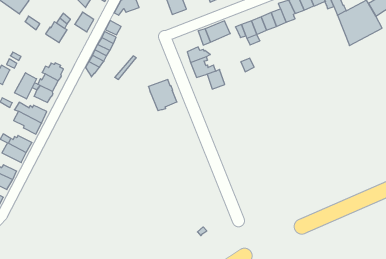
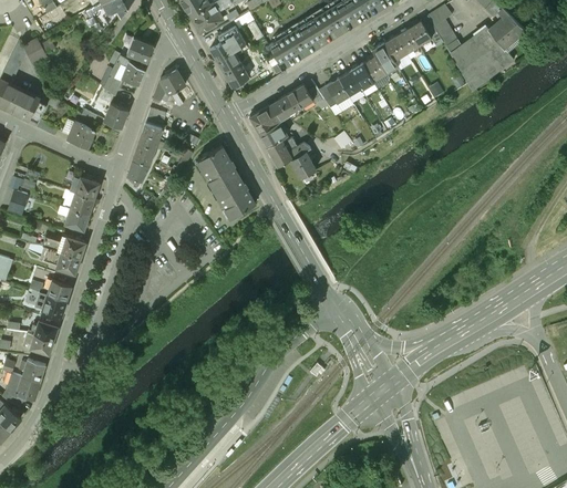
building: none -> [249,104,279,134]
building: none -> [199,146,239,188]
building: [15,73,37,99] -> none

